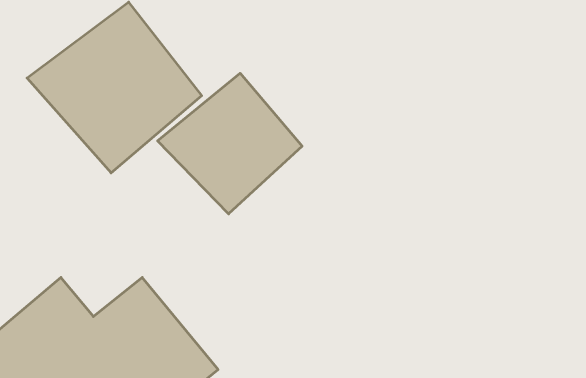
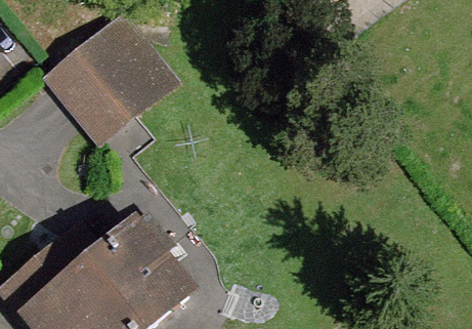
building: [158,73,302,214] -> none

